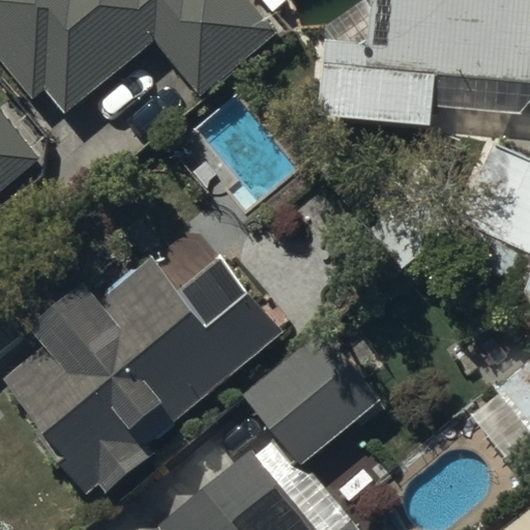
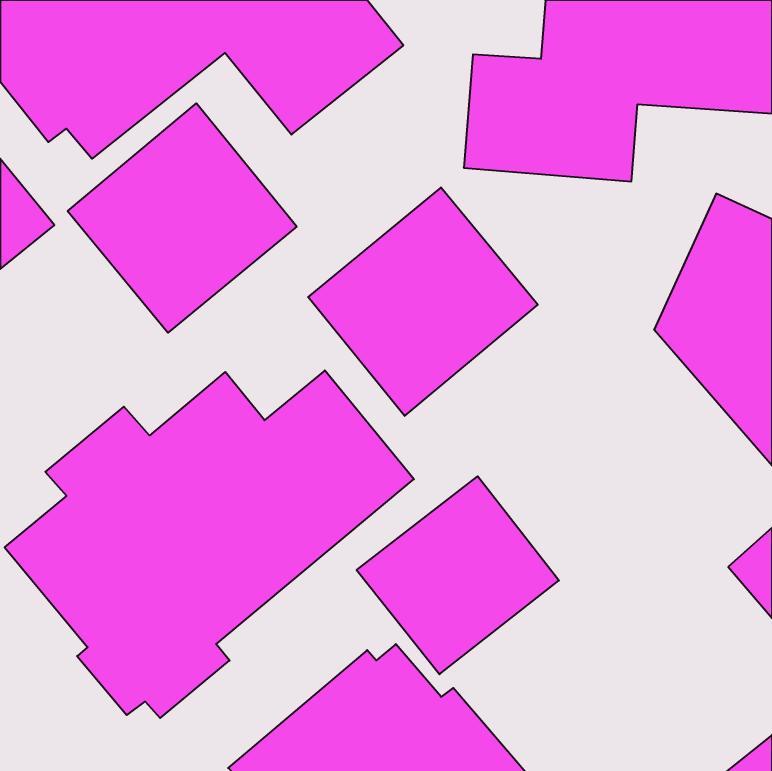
building: none -> [68,103,297,333]
building: none -> [308,187,538,416]

